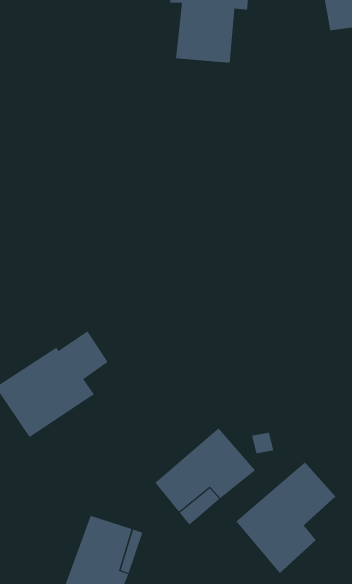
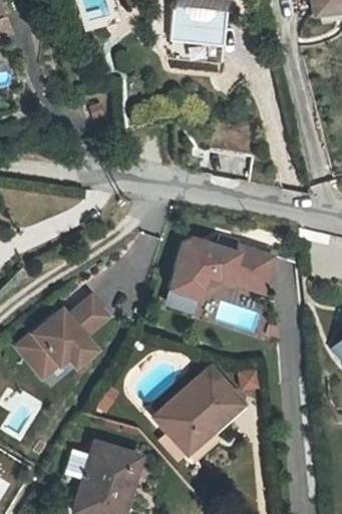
building: none -> [167,228,279,311]
building: [235,461,336,574] -> none

